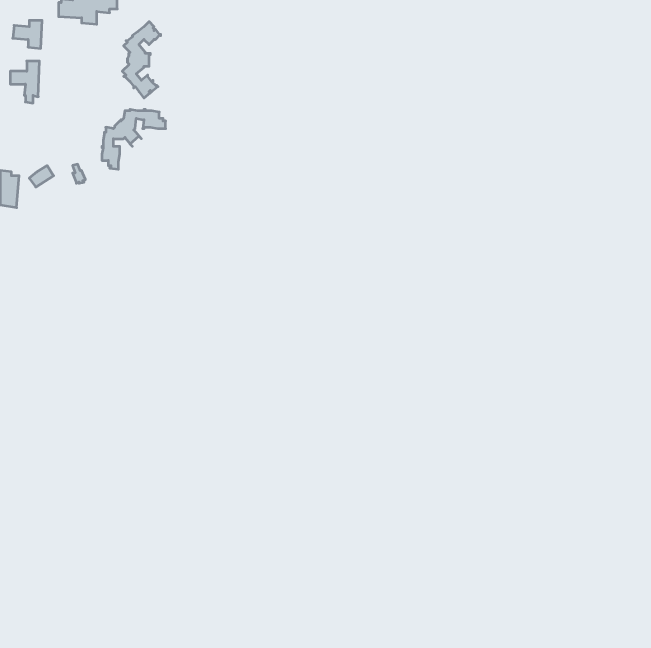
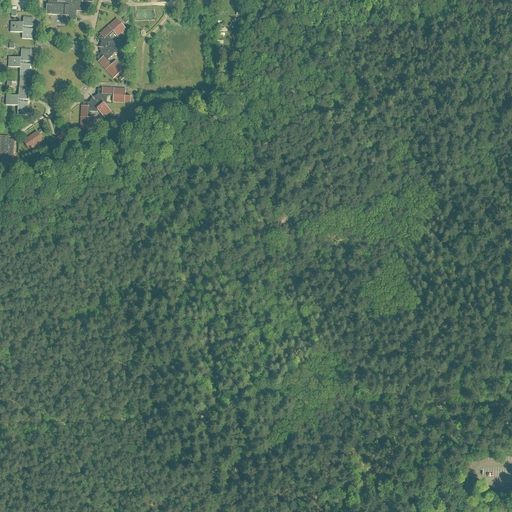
building: none -> [5,80,29,114]

